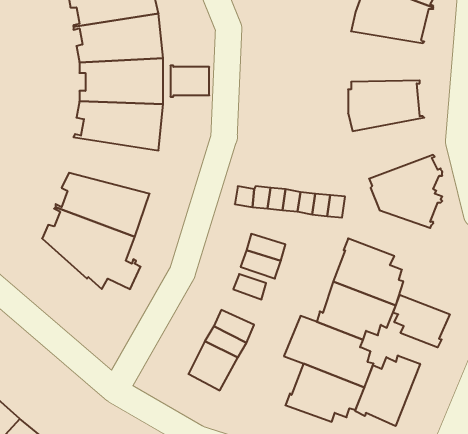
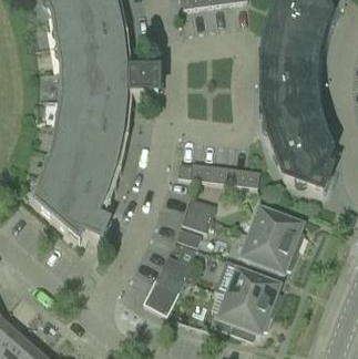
building: none -> [263,47,318,84]
building: none -> [266,111,326,156]
building: none -> [55,125,122,167]
building: [393,295,450,347] -> none
building: [355,355,420,426] -> none

